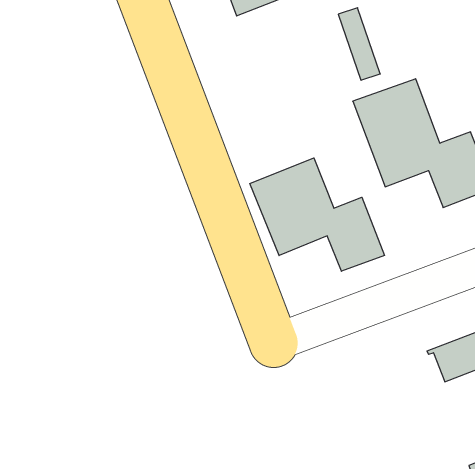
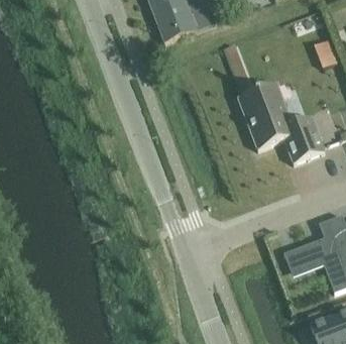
building: [250,158,384,271] -> none

